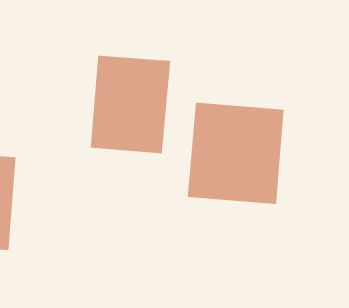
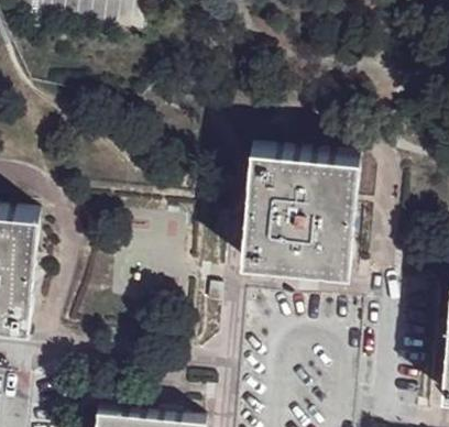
building: [90,55,171,154] -> none

